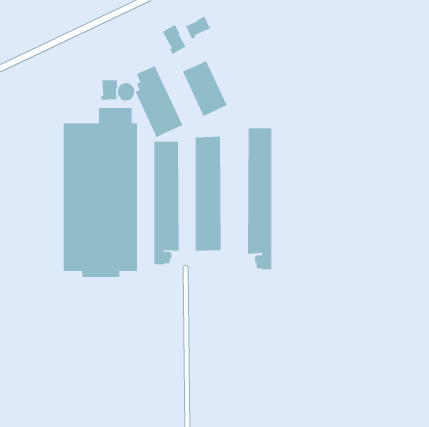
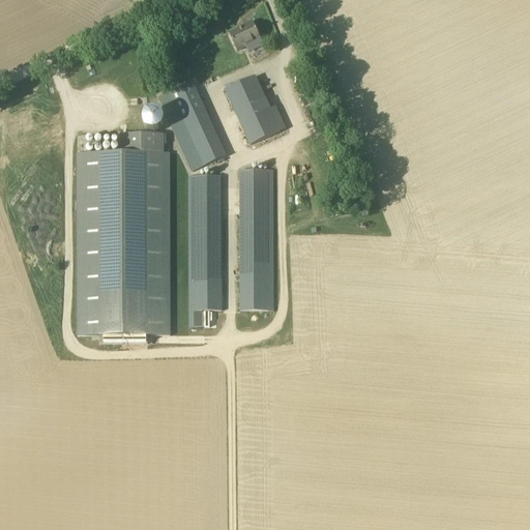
building: [162,24,186,55] -> none
building: [101,79,117,101] -> none
building: [247,128,272,270] -> none

